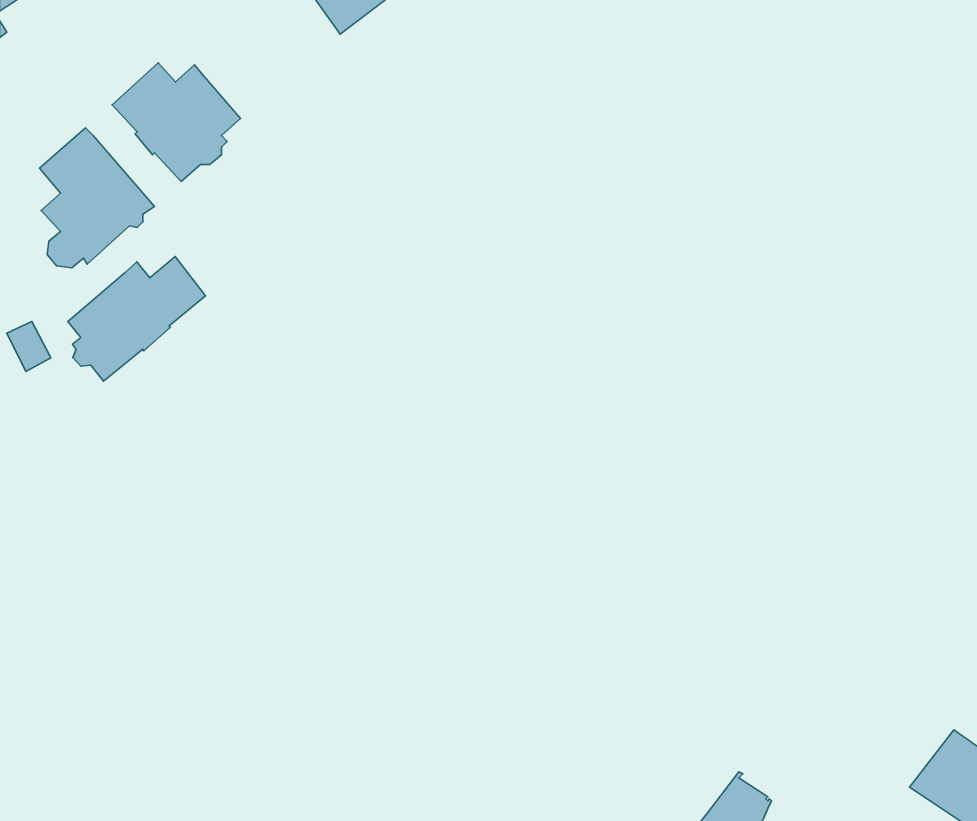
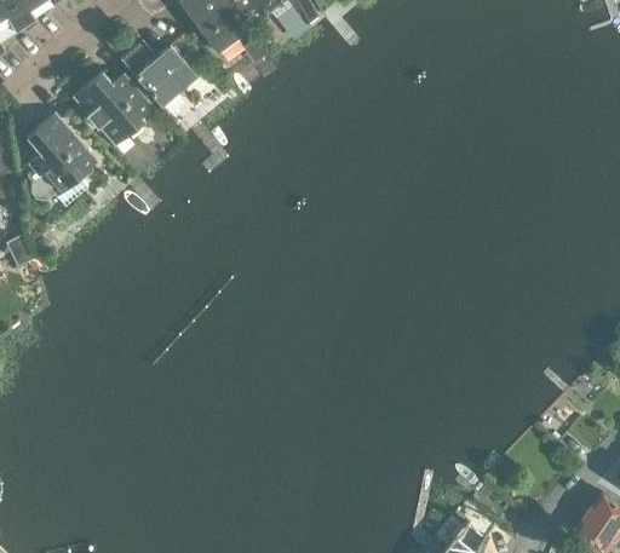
building: none -> [120,39,196,104]
building: [68,257,205,381] -> none

